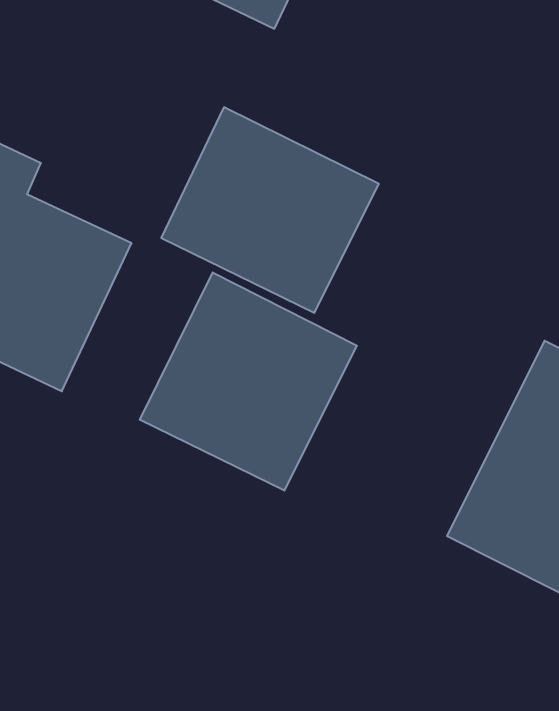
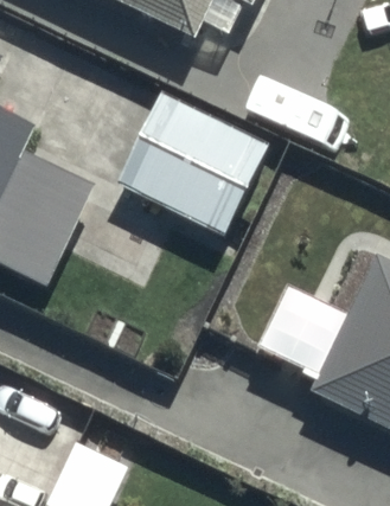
building: [140,272,357,491] -> none

